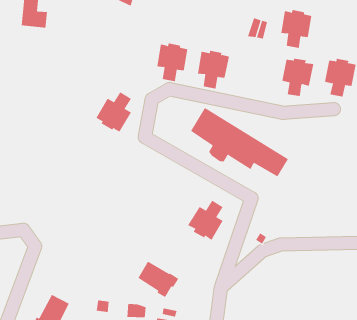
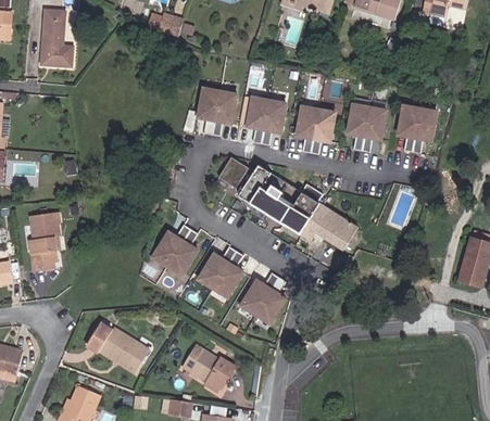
building: [280,9,312,49] -> [303,105,341,152]
building: [96,92,132,132] -> [152,227,196,276]
building: none -> [221,156,251,187]
building: none -> [27,212,55,271]
building: none -> [198,248,241,296]
building: none -> [84,326,145,370]

